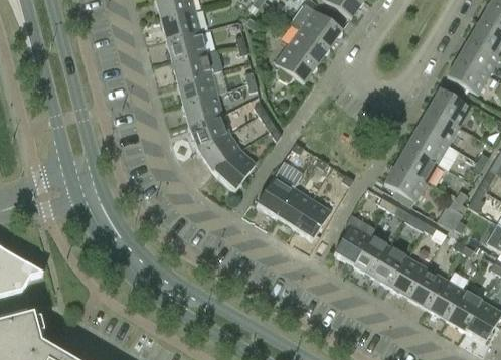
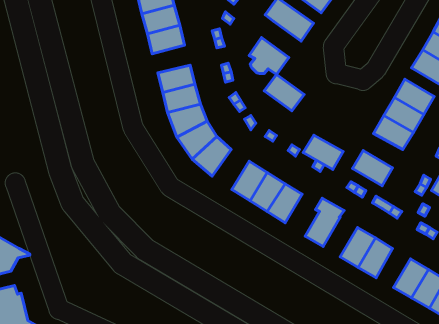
building: [288,26,330,64] -> [264,75,304,111]
building: [172,48,223,80] -> none
building: [395,145,438,181] -> [303,135,343,170]
building: [353,233,389,276] -> none
building: [409,266,446,308] -> none

